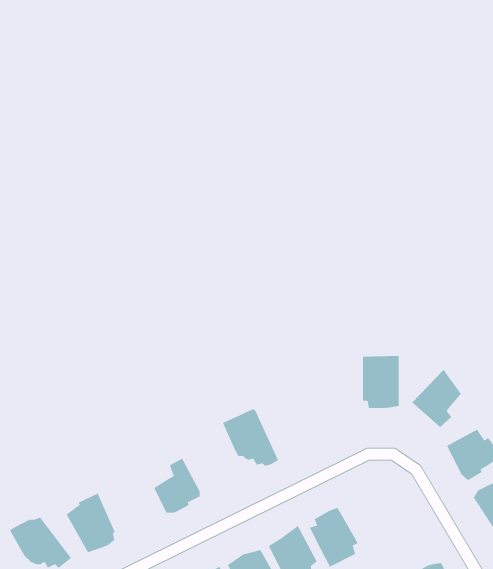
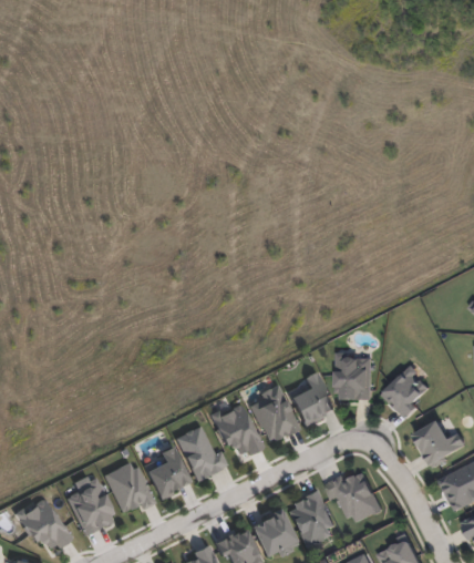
building: none -> [290,373,334,428]
building: none -> [250,385,299,440]
building: none -> [174,426,227,481]
building: none -> [104,462,154,512]
building: none -> [326,471,382,521]

